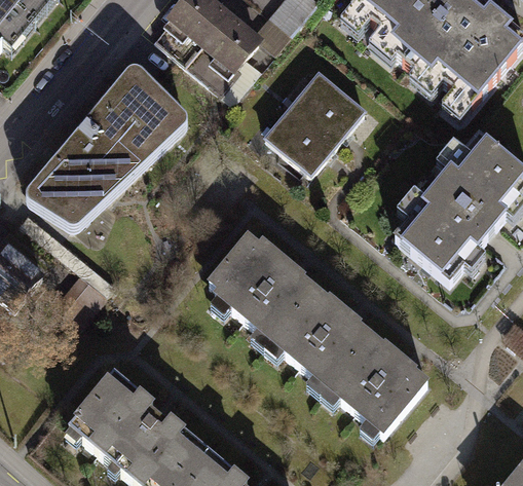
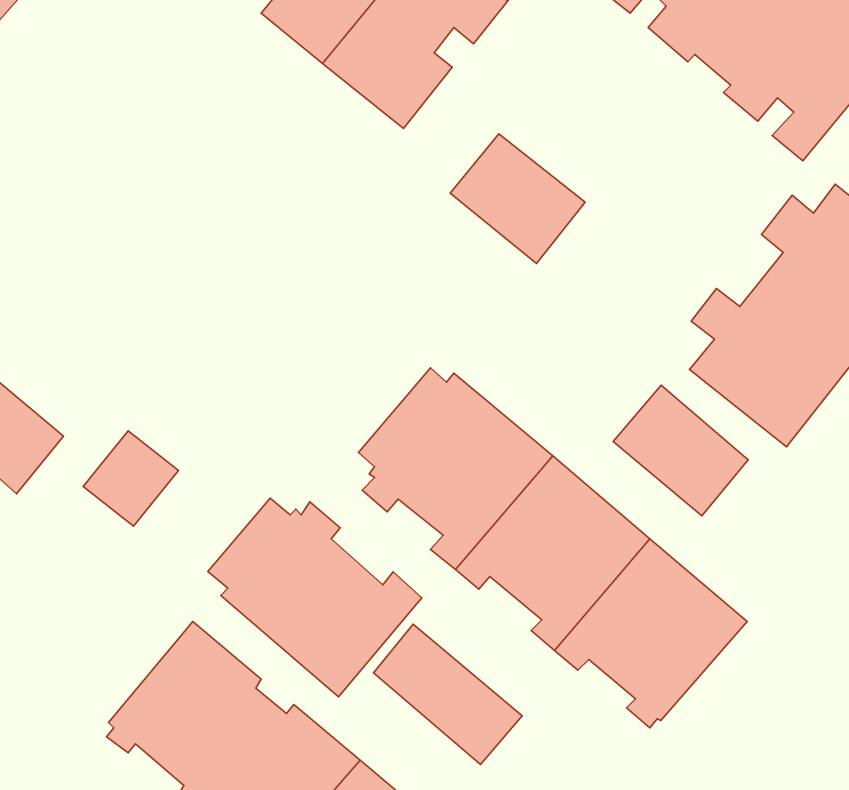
building: [29,61,190,222] -> none
building: [291,68,368,142] -> none
building: none -> [613,385,748,516]
building: none -> [208,498,422,697]
building: none -> [373,624,522,765]

